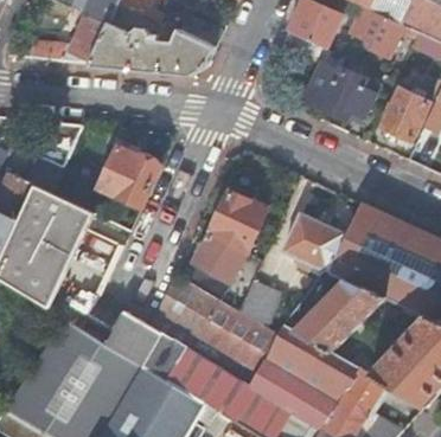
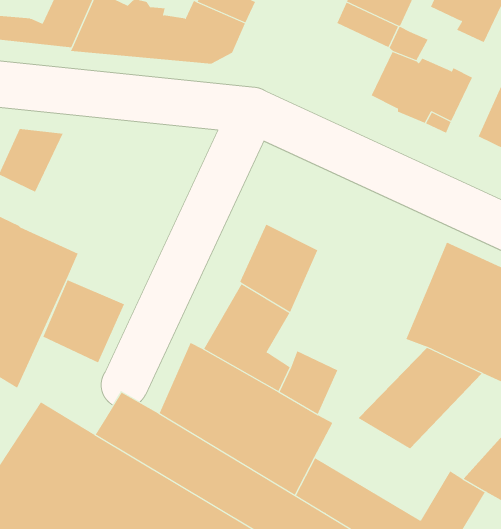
building: [100,146,159,206] -> [43,279,125,363]
building: [283,212,346,275] -> none
building: [264,323,362,403] -> none

